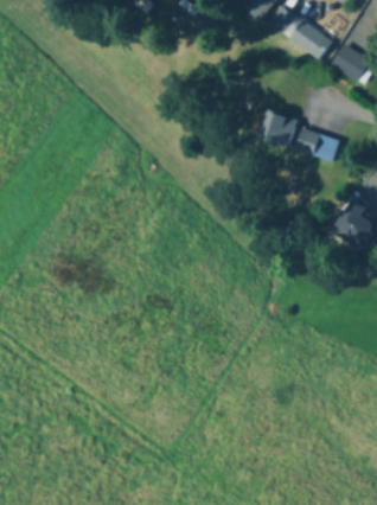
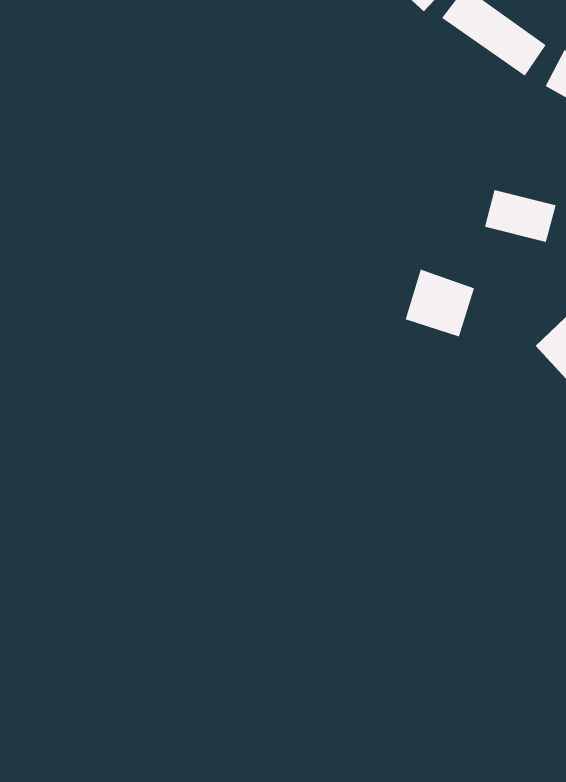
building: [256,109,299,151] -> [405,269,475,337]

